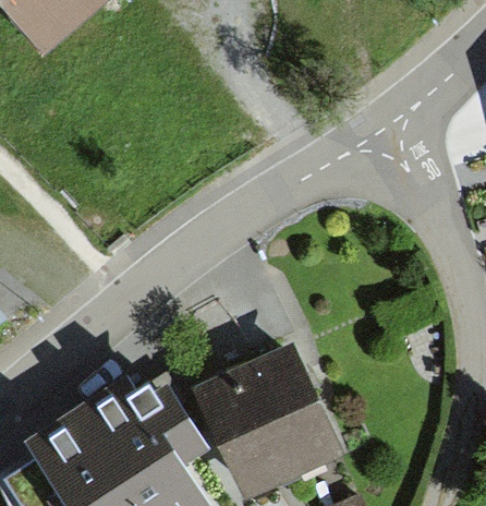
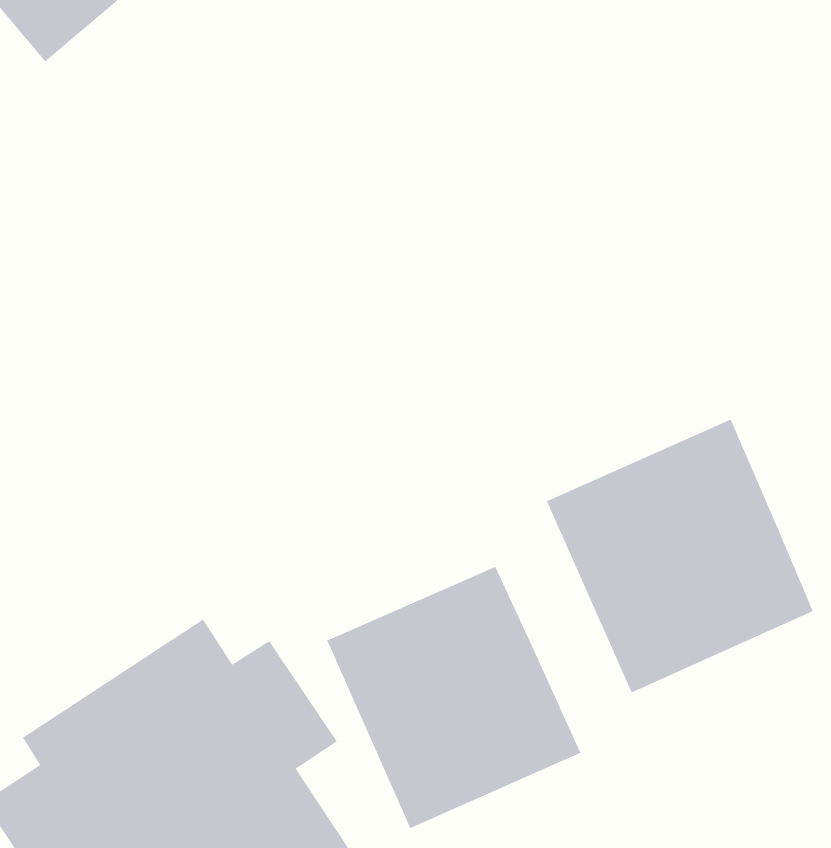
building: none -> [546,419,814,693]

